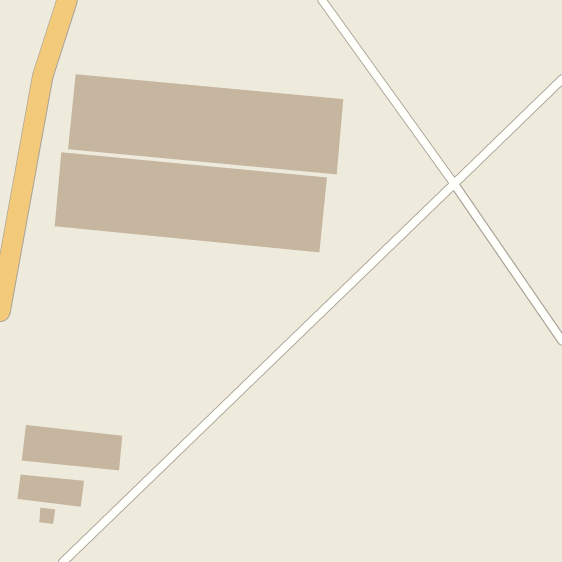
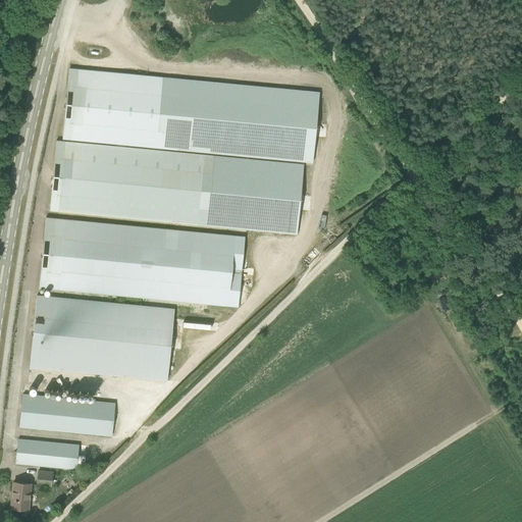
building: none -> [39,217,245,306]
building: none -> [30,295,174,380]
building: none -> [11,481,31,510]

